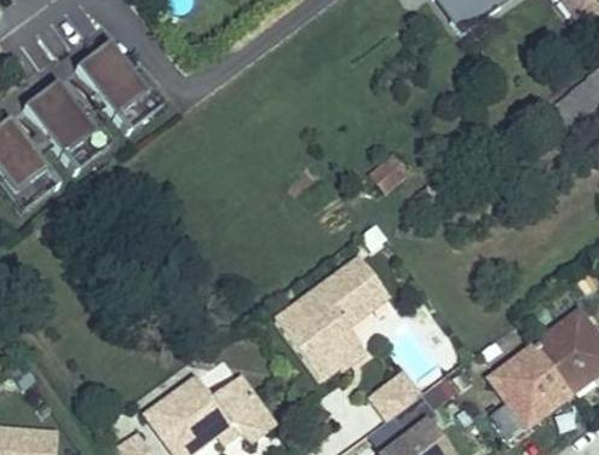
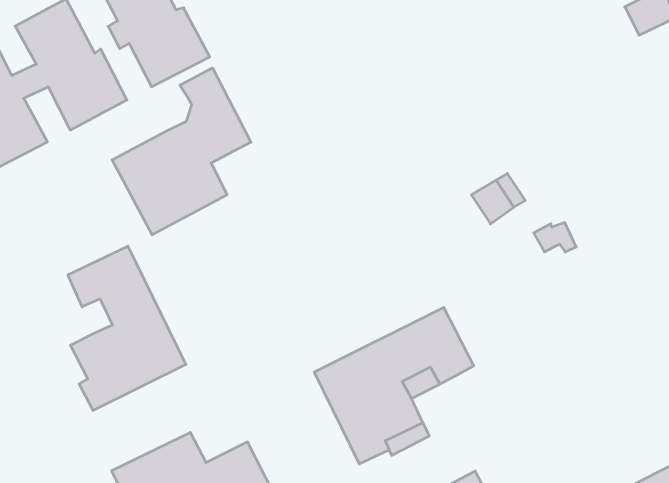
building: none -> [112,68,251,235]
building: none -> [68,246,186,411]

